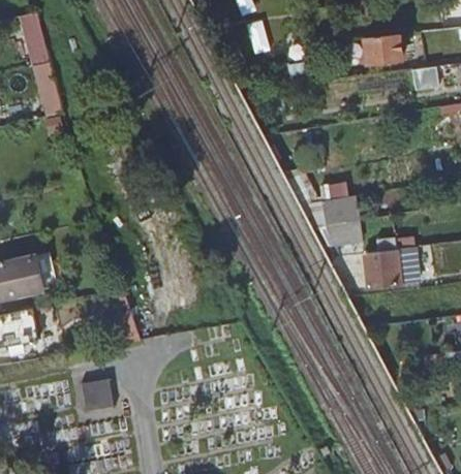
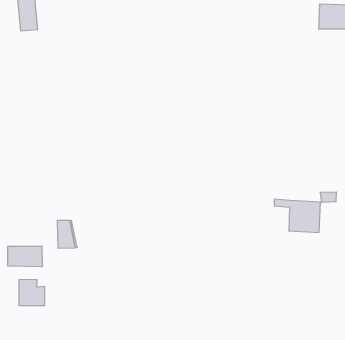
building: [321,193,364,246] -> none
building: none -> [8,246,42,267]

